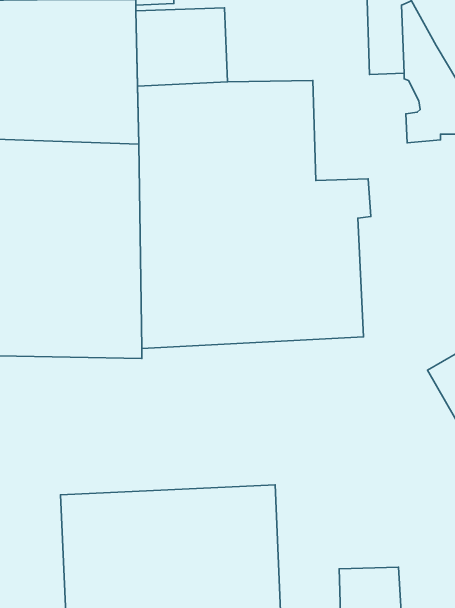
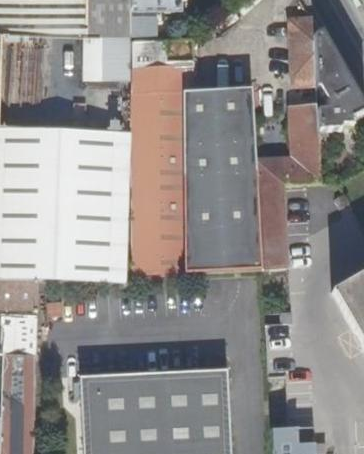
building: none -> [289,105,319,183]

